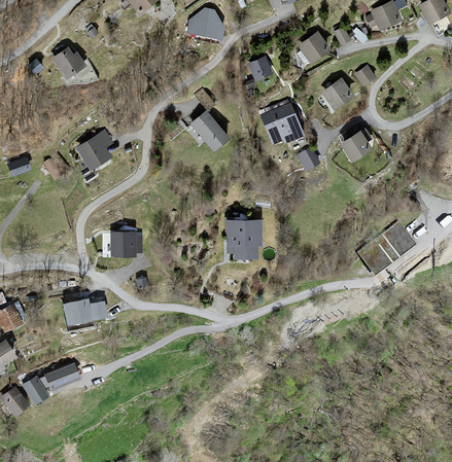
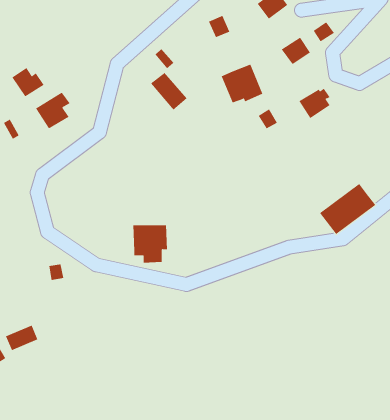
building: [51,48,84,78] -> [11,67,45,97]
building: [225,220,260,258] -> [133,225,168,263]
building: [111,233,141,256] -> none
building: [64,300,92,324] -> none

